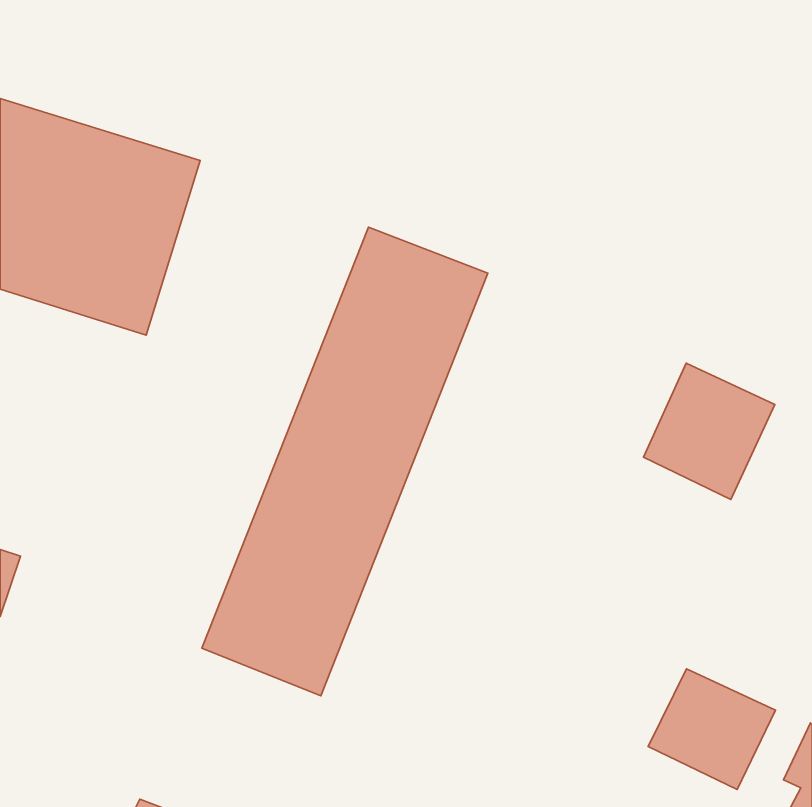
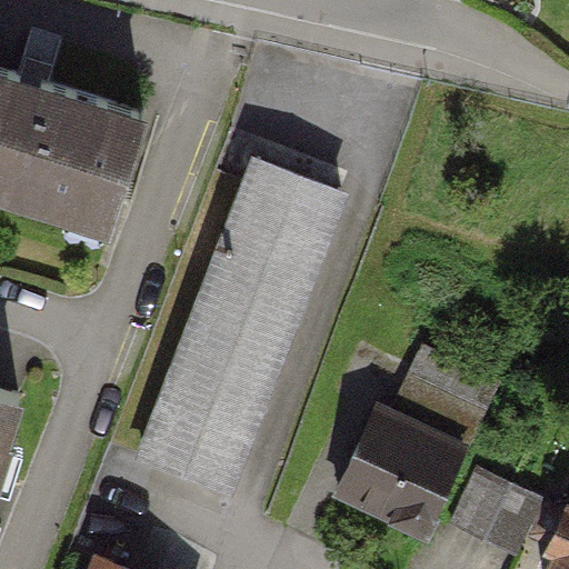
building: [643,363,775,499] -> none
building: none -> [340,351,493,530]

